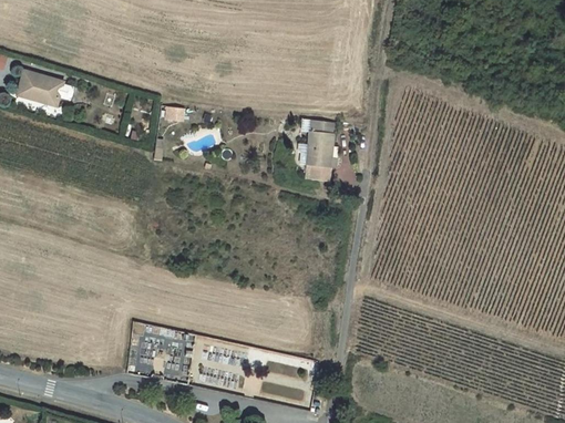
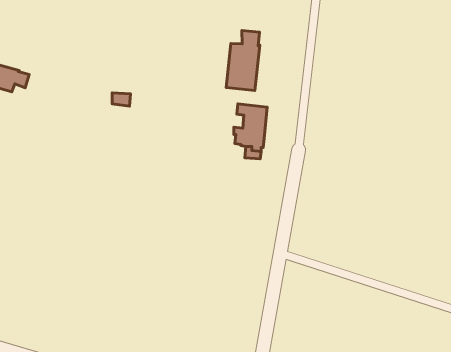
building: none -> [226,31,260,91]

